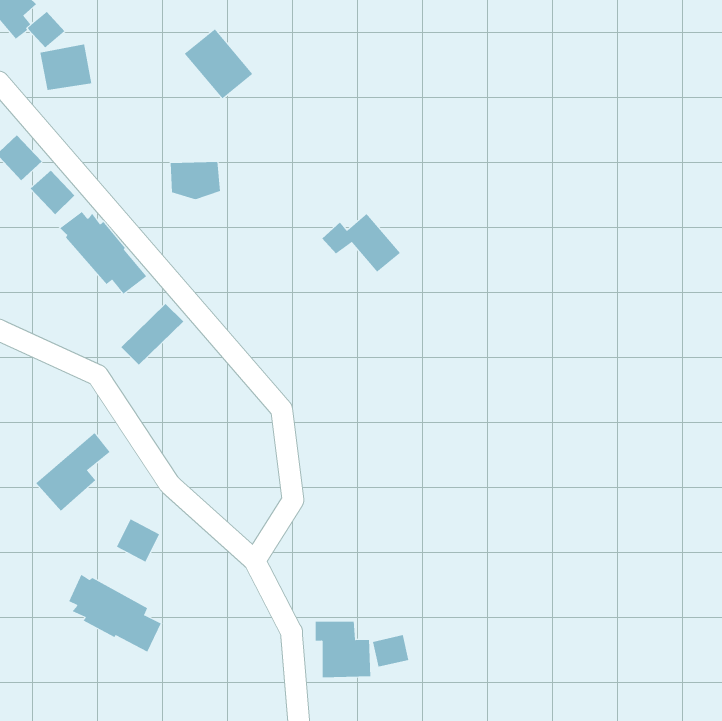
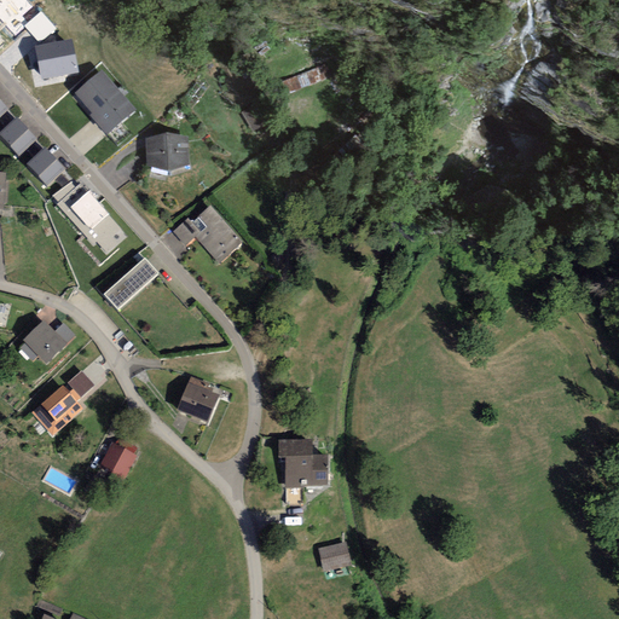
building: [184,28,253,99] -> [74,73,133,133]
building: [322,213,401,273] -> [170,209,238,260]
building: none -> [21,320,74,365]
building: none -> [174,376,219,423]
building: [68,574,161,653] -> none
building: [315,621,371,678] -> [278,438,326,486]

